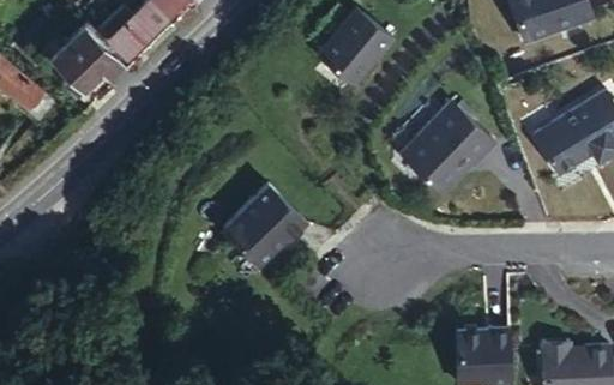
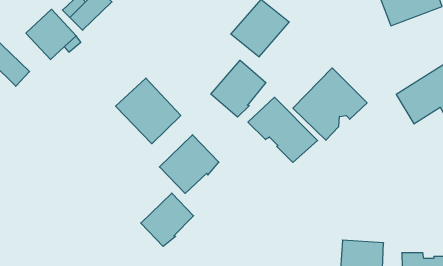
building: none -> [211,60,266,117]
building: none -> [116,78,181,144]
building: none -> [248,97,318,162]
building: none -> [141,193,194,246]

